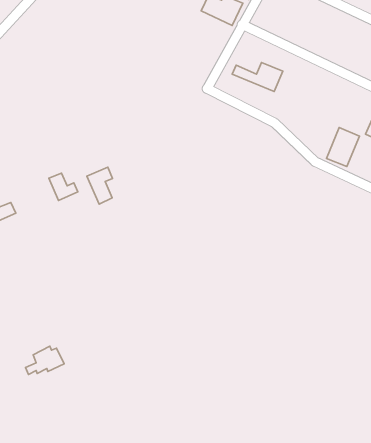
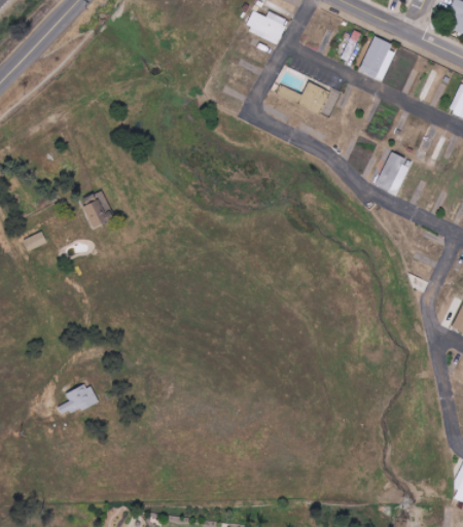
building: none -> [359,36,396,80]
building: [87,167,113,204] -> none

